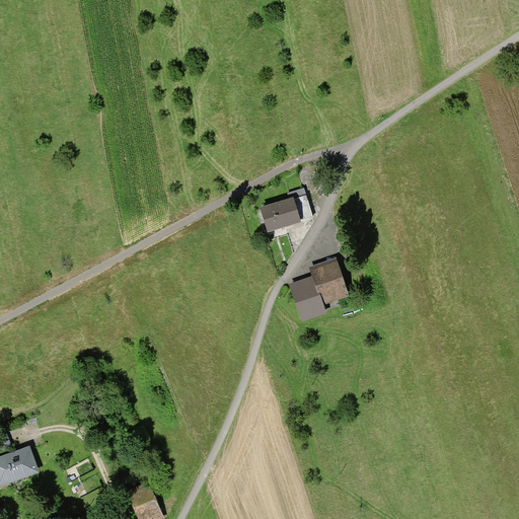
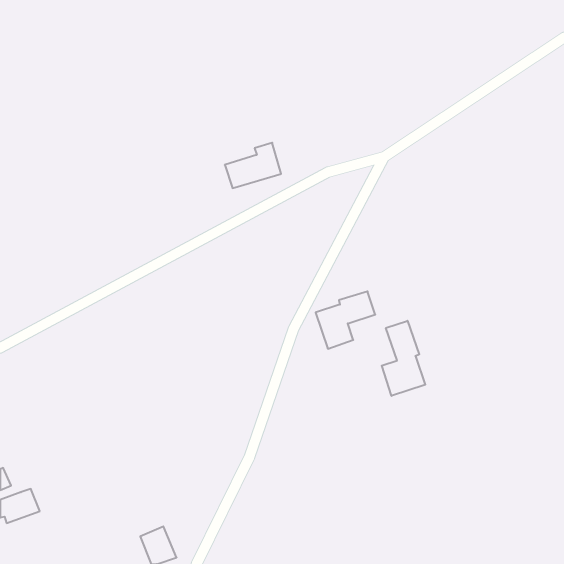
building: [260,190,311,231] -> [225,143,281,188]
building: none -> [382,321,425,396]

